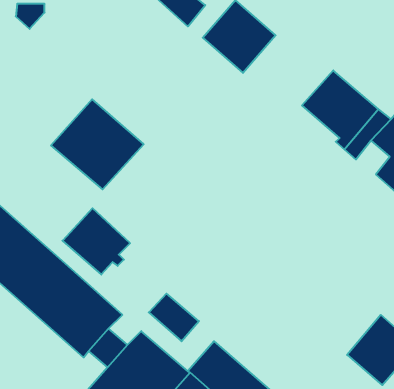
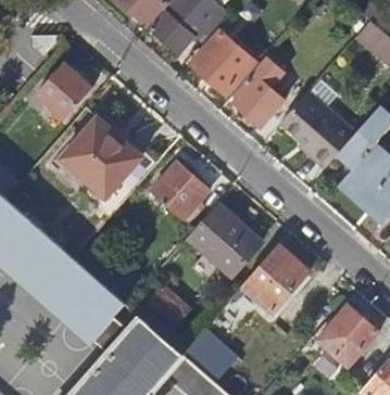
building: none -> [235,59,285,126]
building: none -> [37,68,91,118]
building: none -> [187,205,261,278]
building: [62,208,130,275] -> [151,163,210,220]
building: none -> [239,245,306,314]

